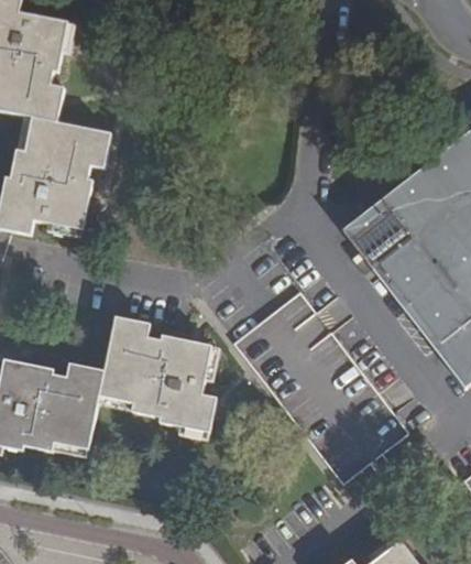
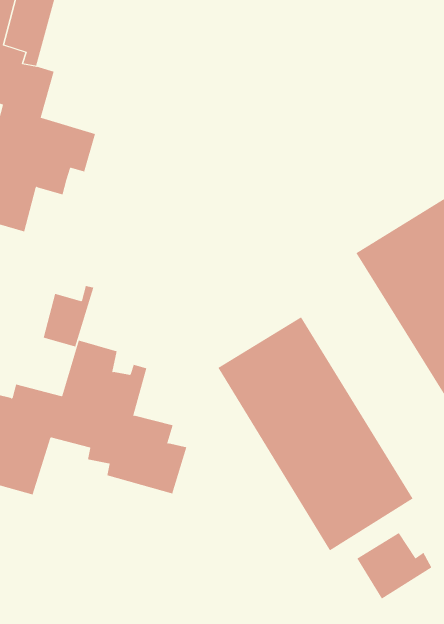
building: [59,183,99,236] -> [43,285,94,347]
building: [165,336,207,382] -> none
building: none -> [357,532,432,600]

